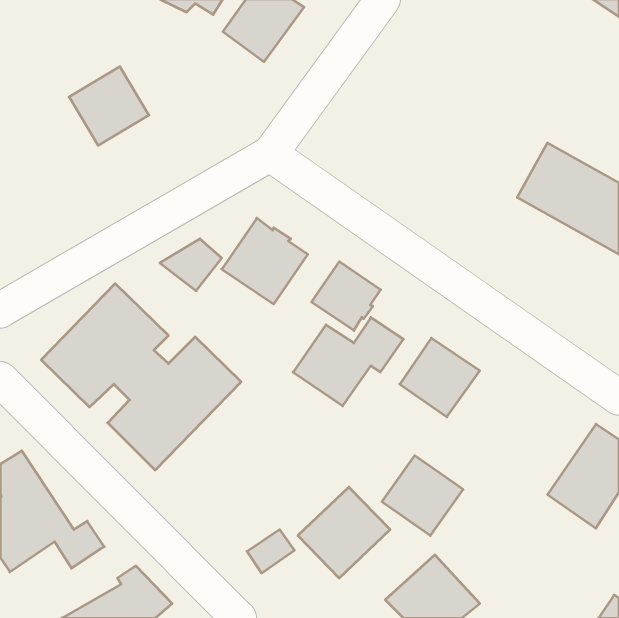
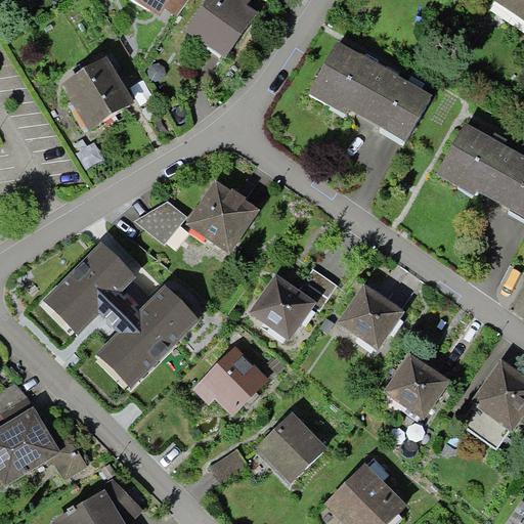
building: none -> [308,39,427,137]
building: [312,262,381,331] -> none
building: none -> [193,347,270,418]
building: [382,456,463,536] -> [384,355,452,423]

